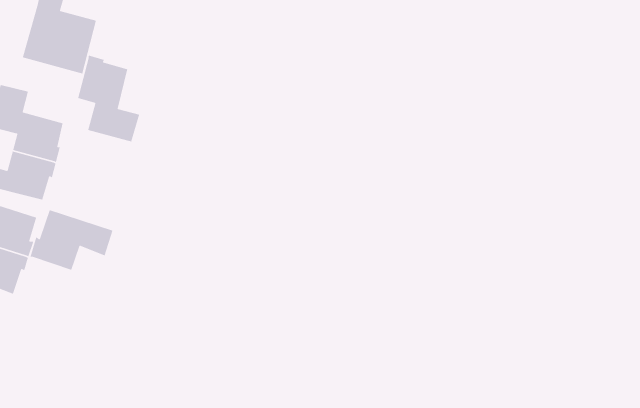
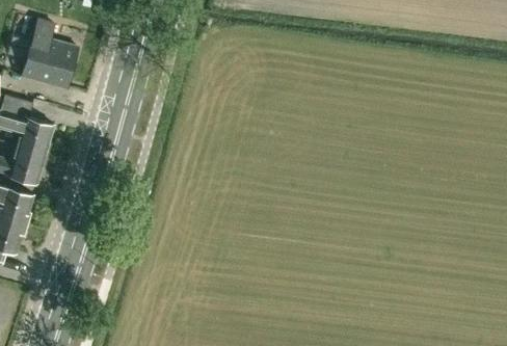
building: [77,55,140,142] -> none
building: [29,209,113,271] -> none

